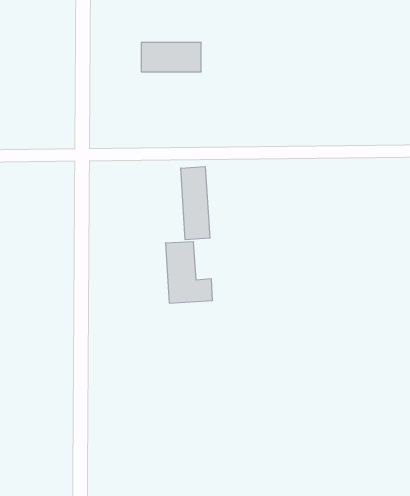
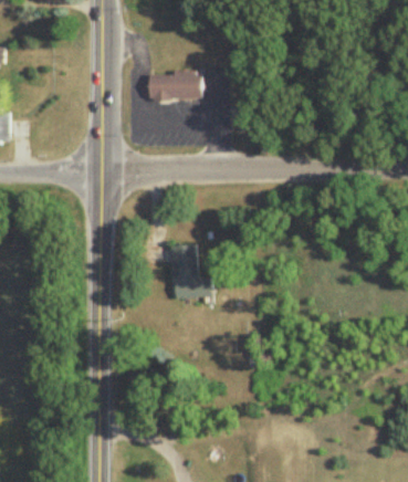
building: [181,167,210,240] -> none

